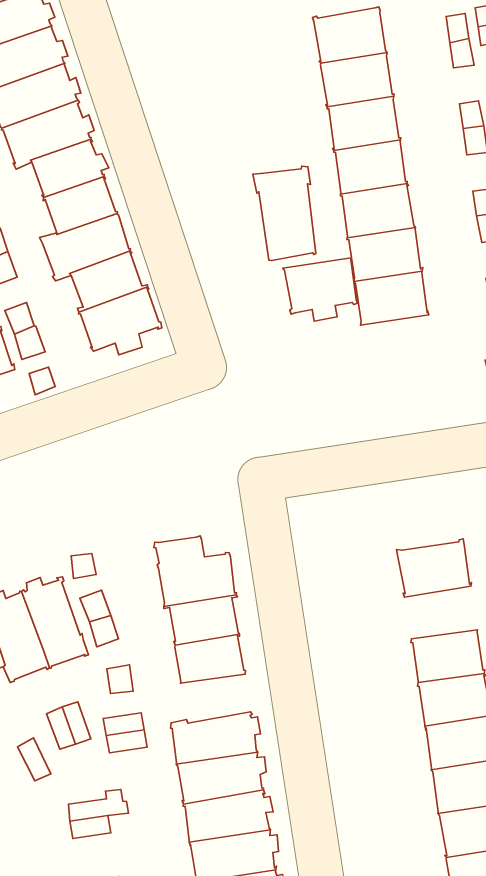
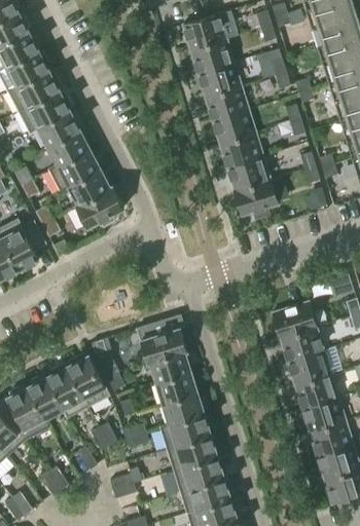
building: [253,166,316,260] -> none
building: [283,258,358,321] -> [233,180,278,218]
building: none -> [280,327,323,361]
building: none -> [163,393,204,425]

